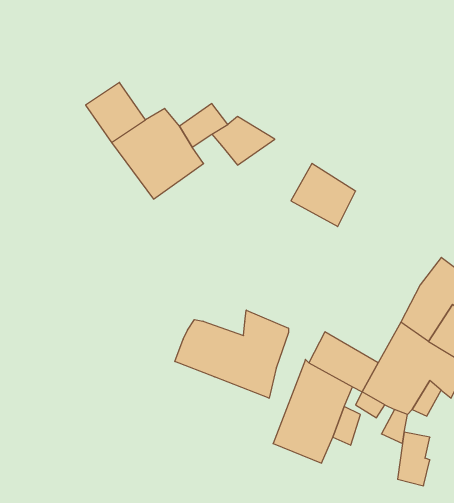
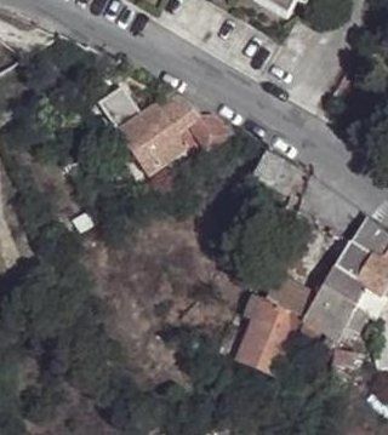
building: [175,310,289,398] -> none

